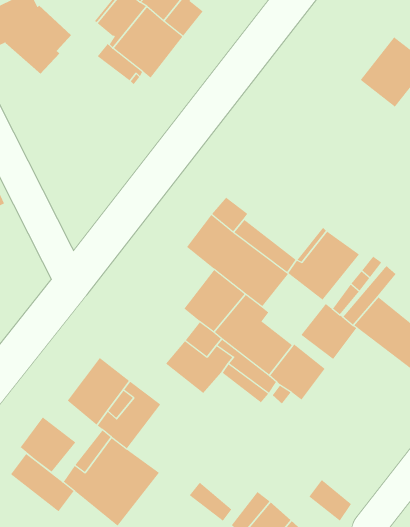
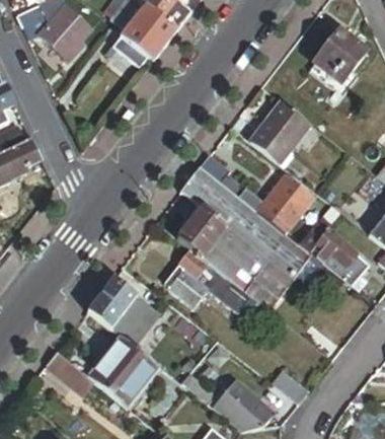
building: none -> [253,104,312,165]
building: none -> [239,213,288,260]
building: [20,416,76,472] -> none

